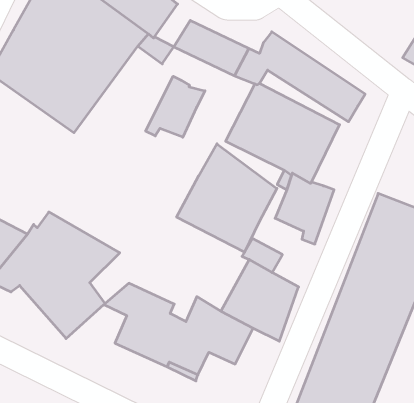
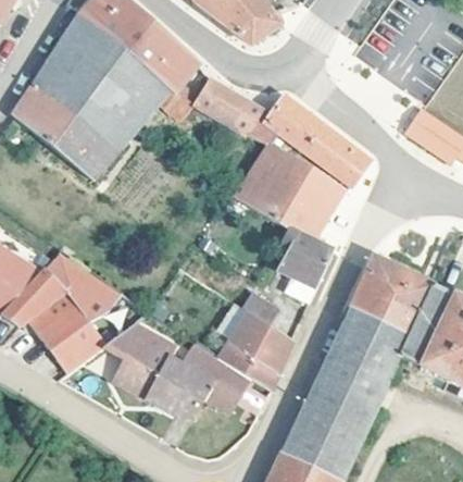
building: [146,76,205,137] -> none
building: [177,144,277,252] -> none

